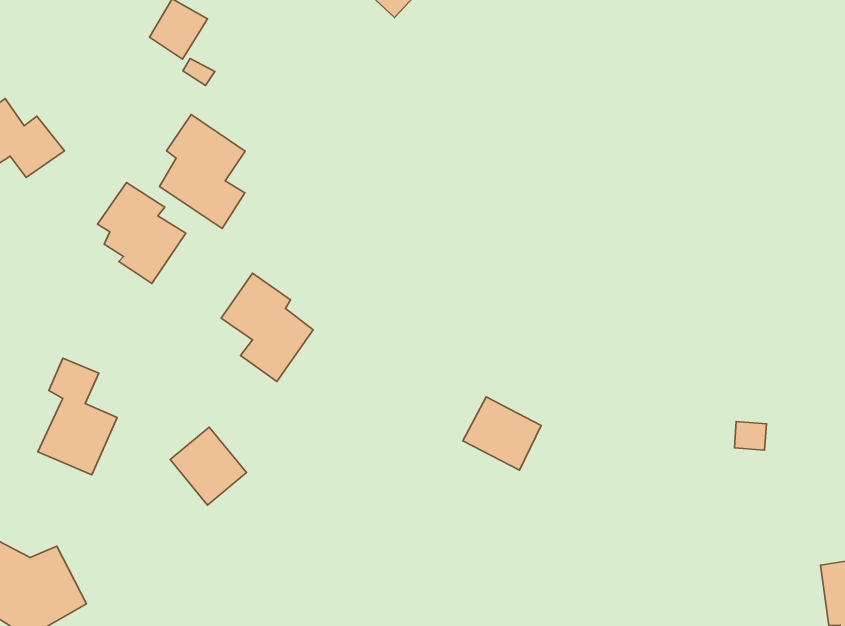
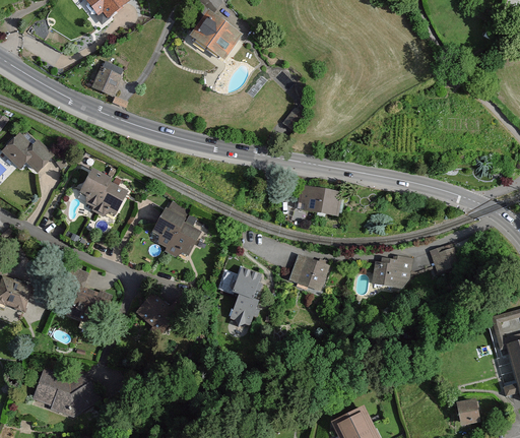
building: [160,115,245,229] -> none
building: none -> [297,184,341,216]
building: none -> [229,267,261,334]
building: none -> [373,255,414,289]

